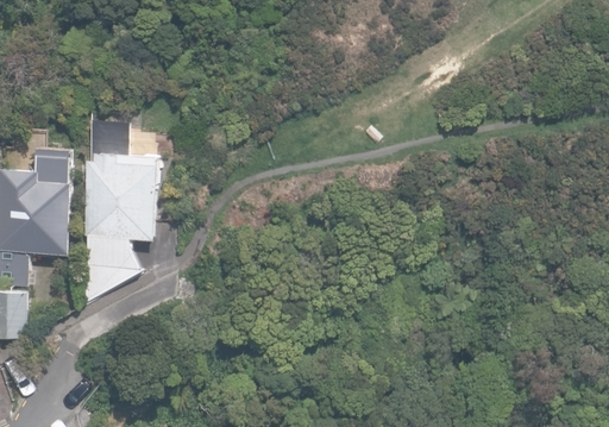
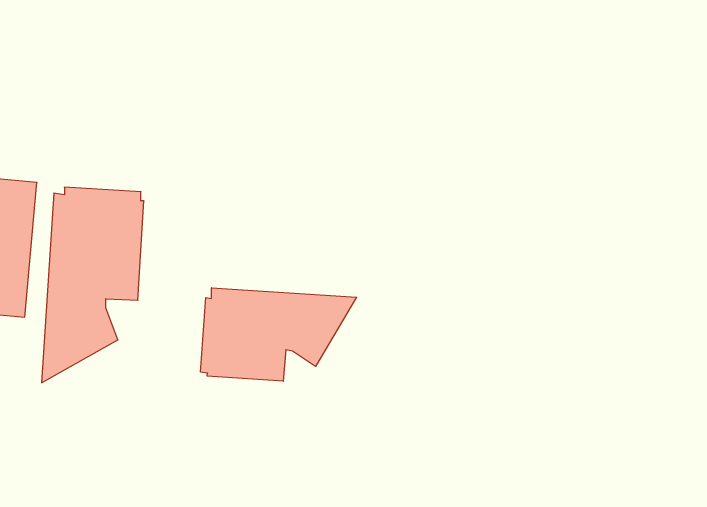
building: none -> [201,288,357,381]

